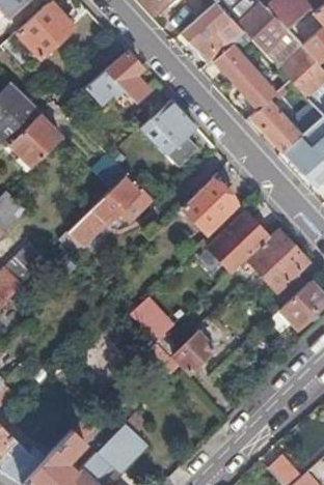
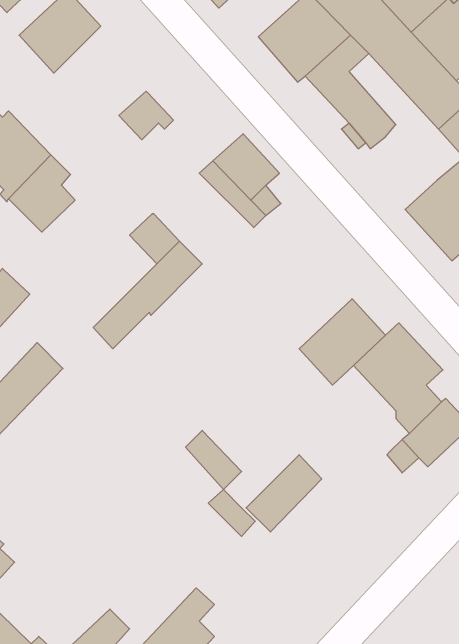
building: [106,53,147,102] -> none
building: [251,102,304,151] -> none
building: [182,178,236,232] -> none

